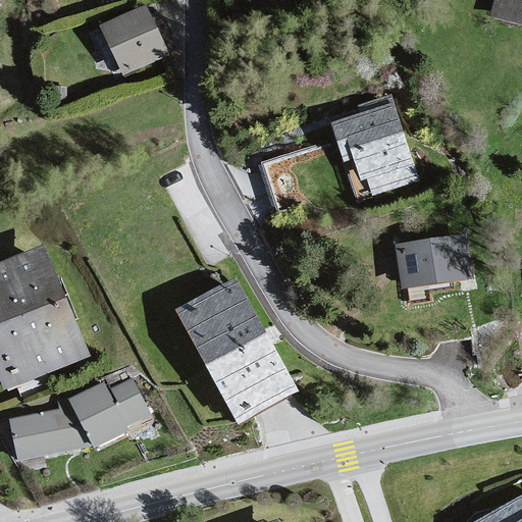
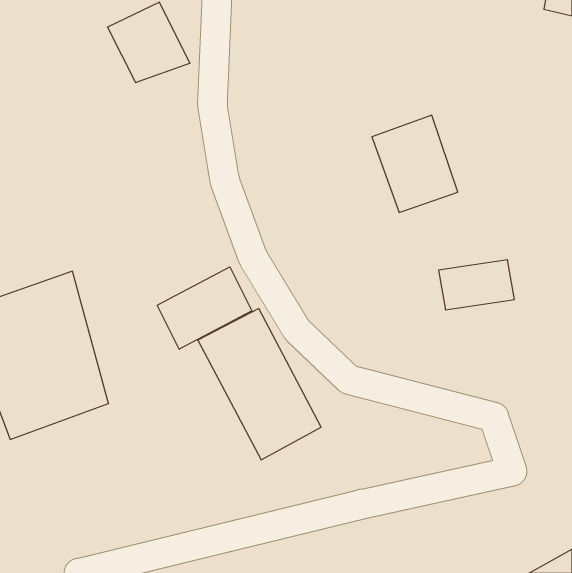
building: none -> [157,267,252,349]
building: [6,377,148,466] -> none

